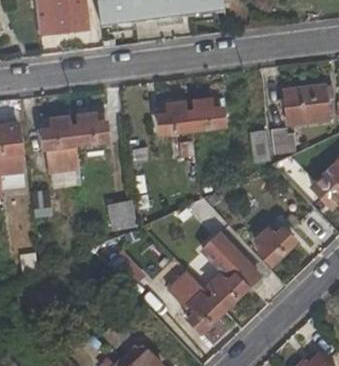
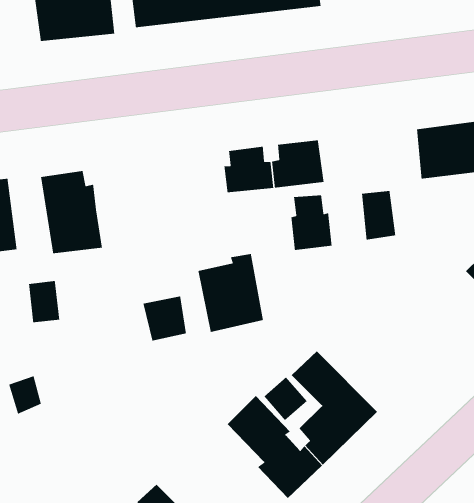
building: [75,111,110,143] -> none
building: none -> [291,194,332,251]
building: none -> [198,253,264,333]
building: [256,221,297,265] -> none

